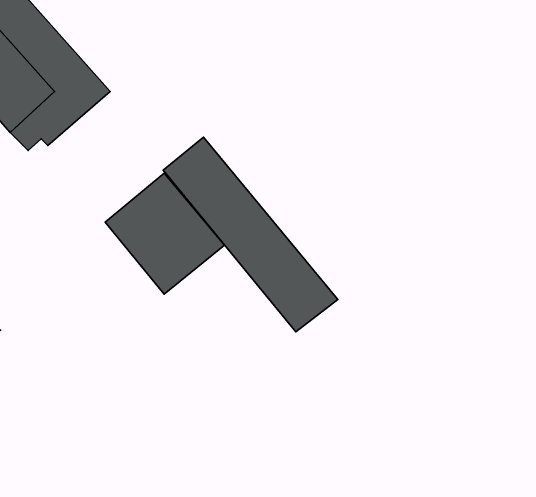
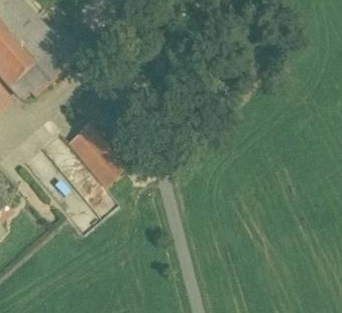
building: [163,137,338,332] -> none

